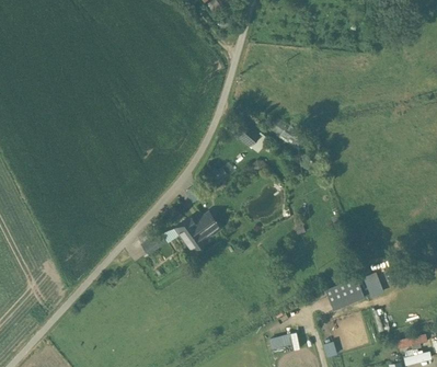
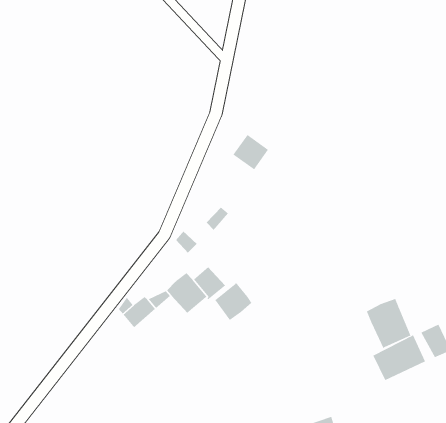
building: none -> [215,282,252,321]
building: none -> [366,298,411,350]

